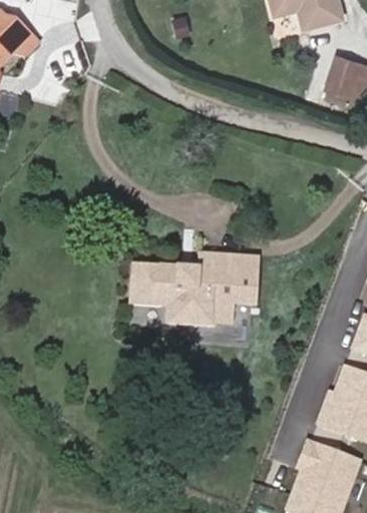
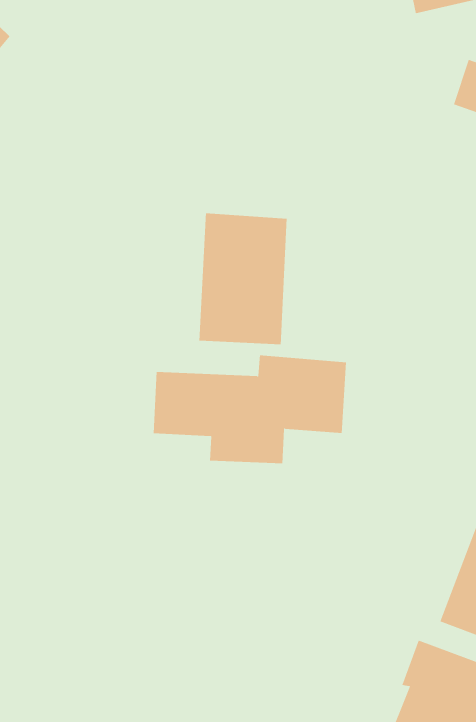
building: none -> [199,212,287,345]

